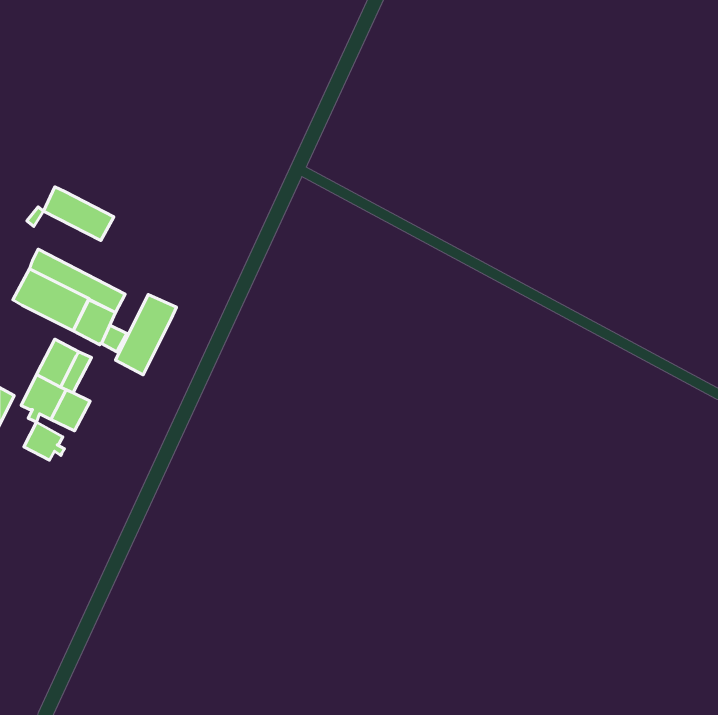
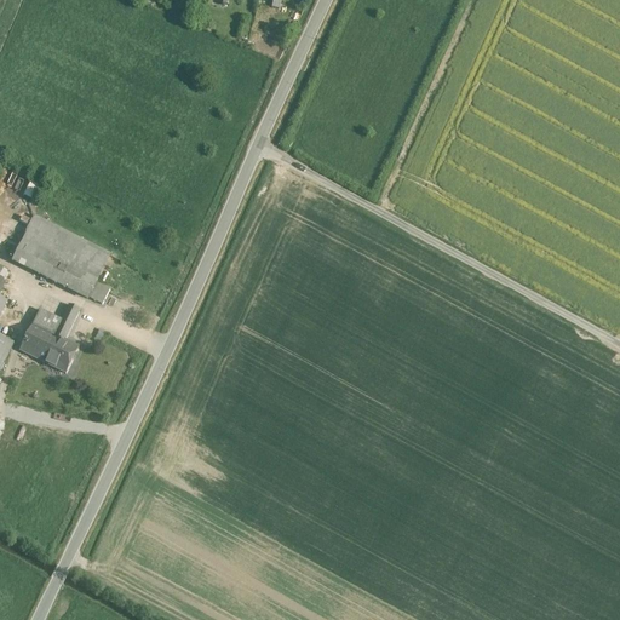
building: [44,187,114,241] -> none
building: [115,295,176,375] -> none
building: [24,422,64,460] -> none

